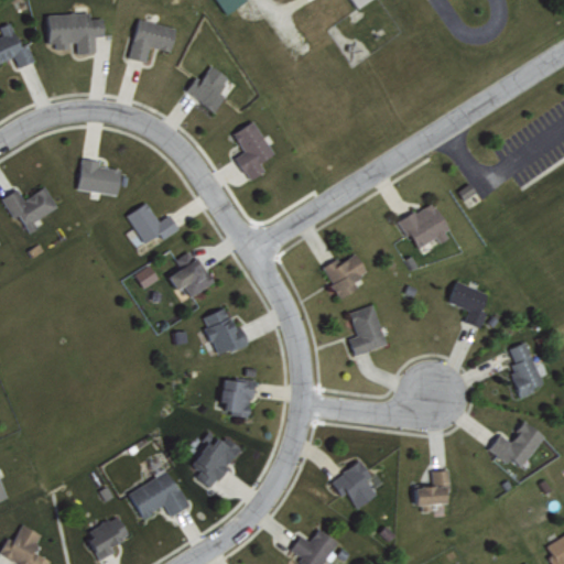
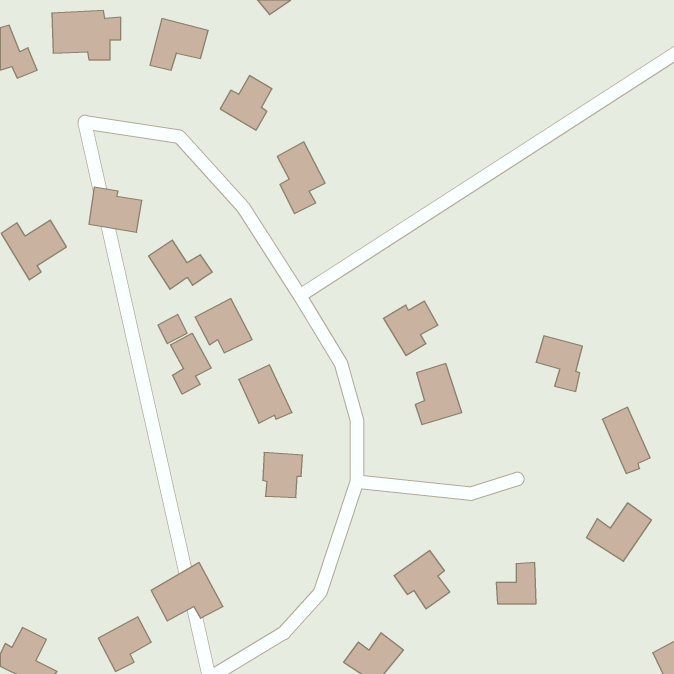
building: [400,203,452,250] -> none
building: none -> [171,333,211,394]
building: [193,435,240,489] -> none

